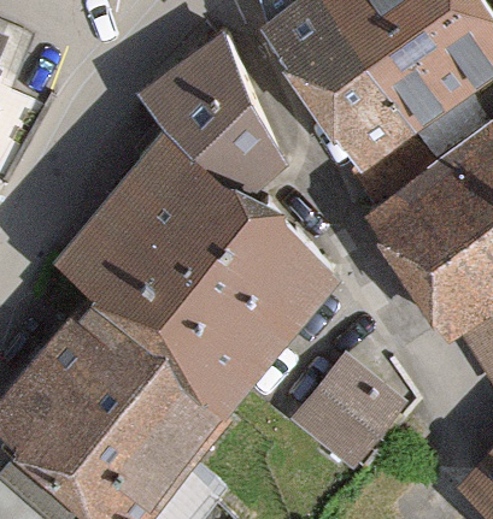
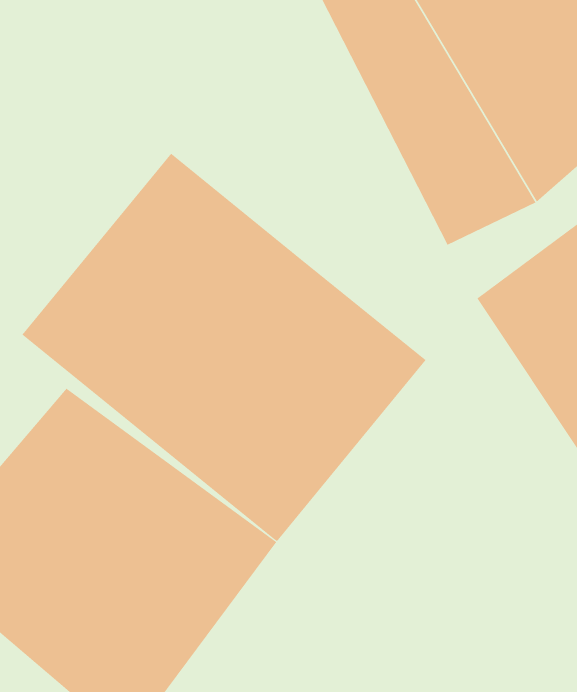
building: [141,40,290,201] -> none
building: [300,359,425,480] -> none

